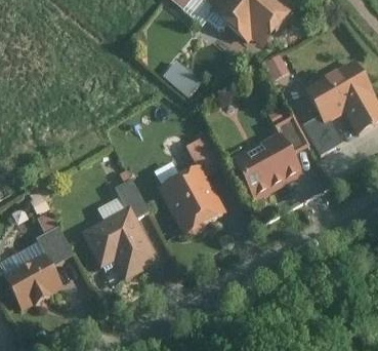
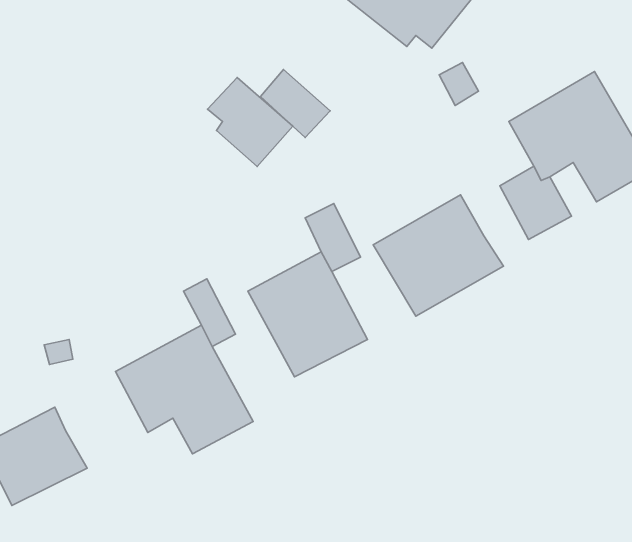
building: none -> [207,78,293,167]
building: [276,116,309,154] -> none
building: [37,225,75,266] -> none

